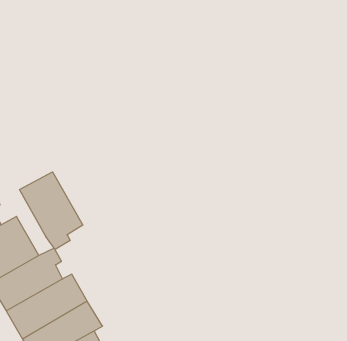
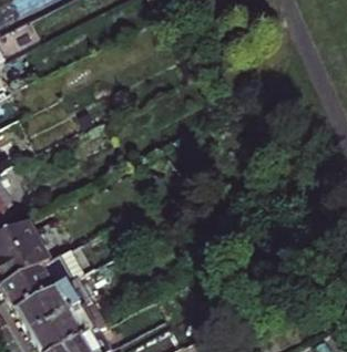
building: [20,172,83,249] -> none

